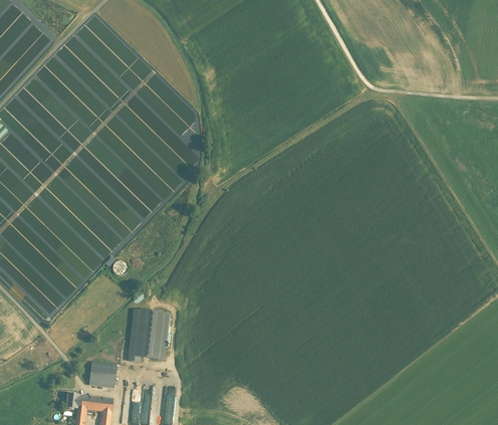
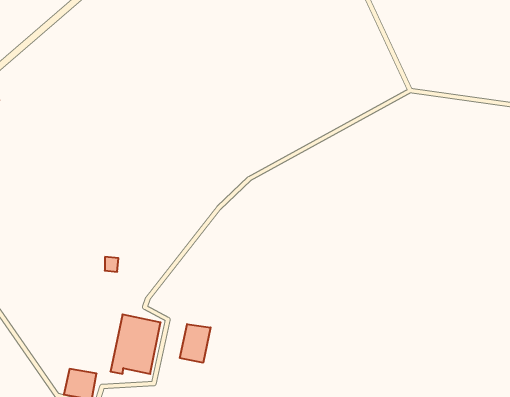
building: none -> [180,324,211,363]

